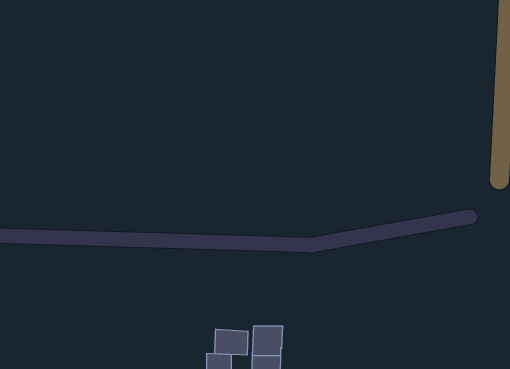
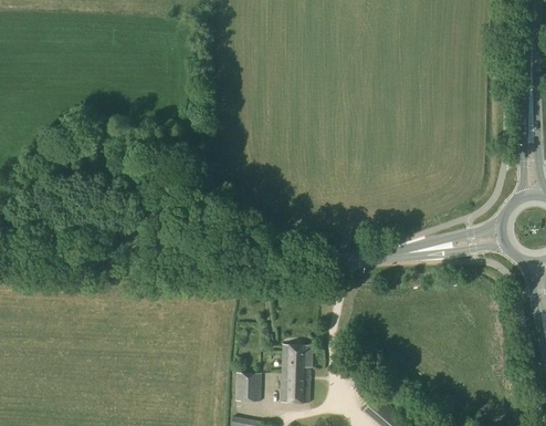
building: [215,329,248,355] -> none

